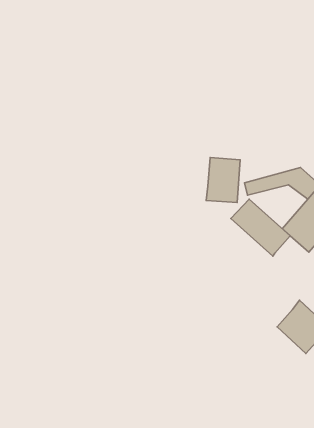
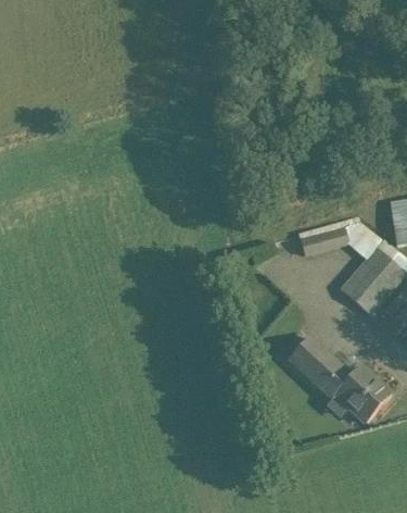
building: [206,158,240,203] -> none
building: [231,199,290,256] -> [288,336,351,397]

